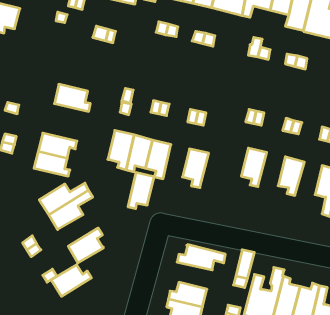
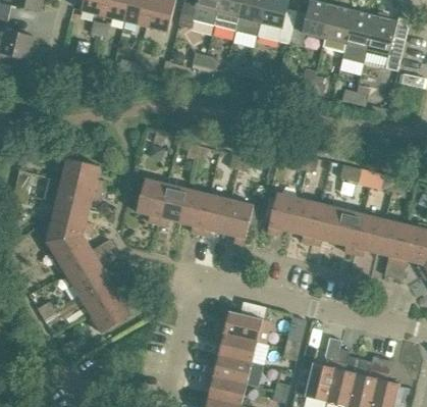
building: [54,84,90,111] -> [60,158,102,190]
building: none -> [266,193,299,235]
building: none -> [310,203,341,245]
building: none -> [353,214,384,256]
building: none -> [46,221,90,258]
building: [128,173,154,209] -> [200,194,230,236]
building: none -> [214,330,257,362]
building: [51,265,91,296] -> [77,275,124,312]

